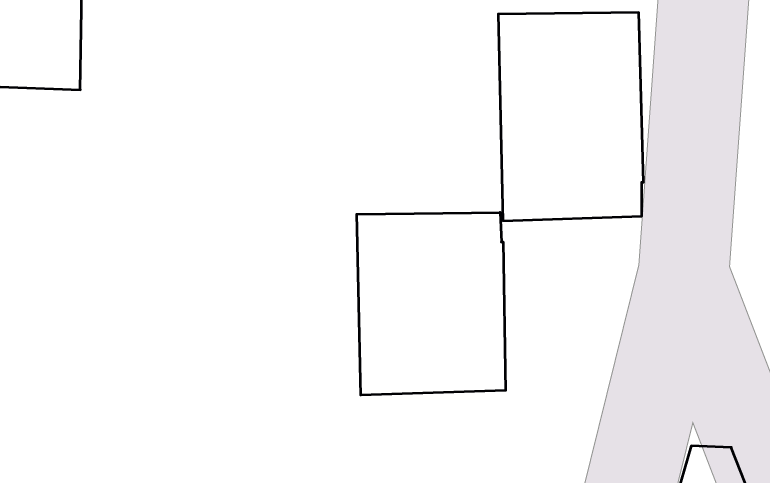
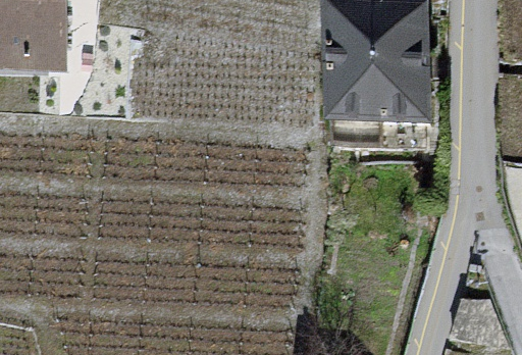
building: [357,212,506,395] -> none

